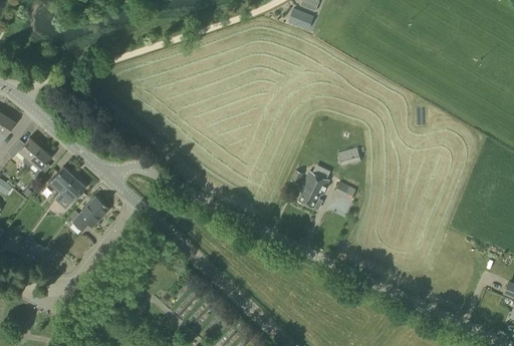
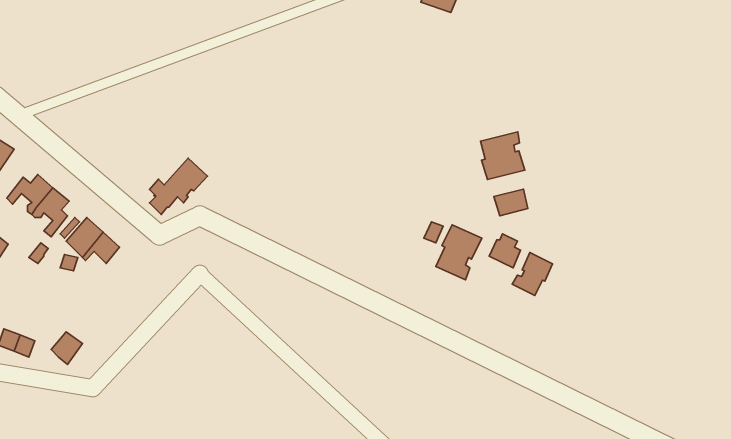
building: none -> [481,132,525,179]
building: none -> [512,253,553,296]
building: [69,197,108,235] -> [149,158,207,215]

